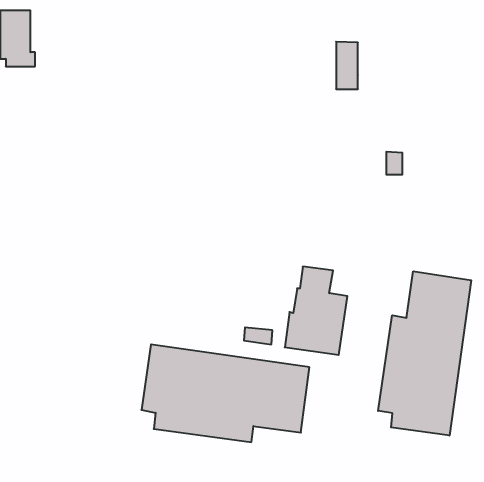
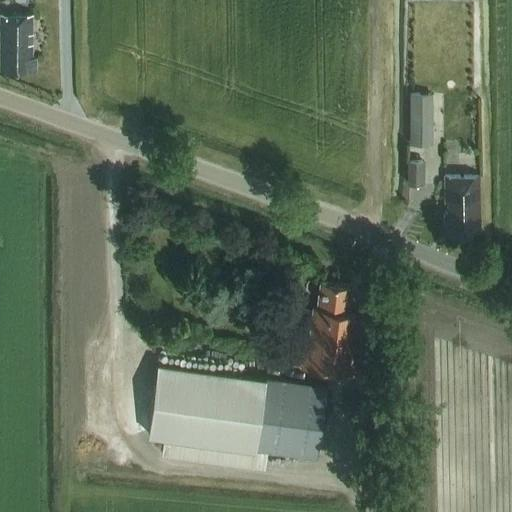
building: [336,42,358,89] -> [408,95,431,145]
building: none -> [447,178,482,238]
building: [378,271,471,436] -> none

